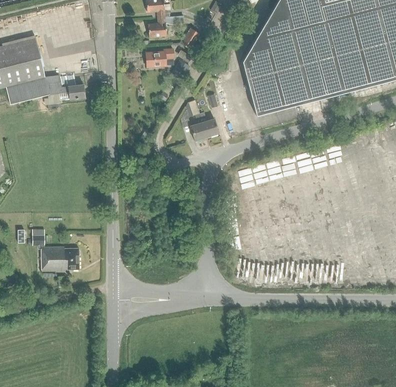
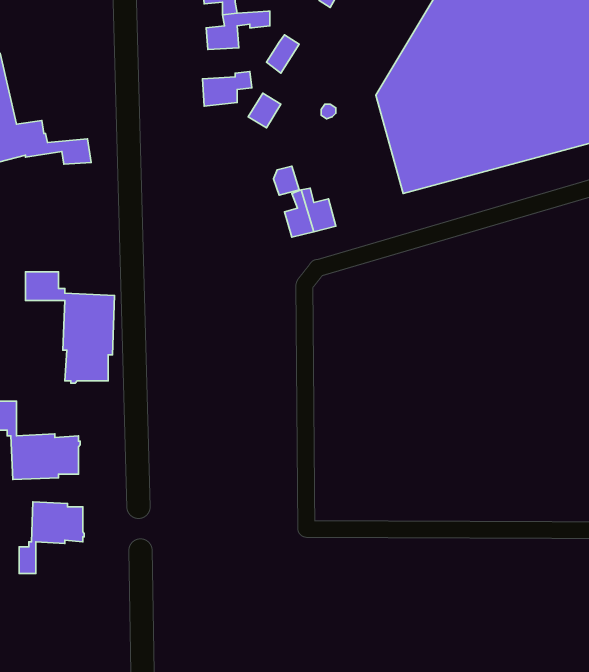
building: none -> [25,272,115,383]
building: none -> [19,502,84,574]

